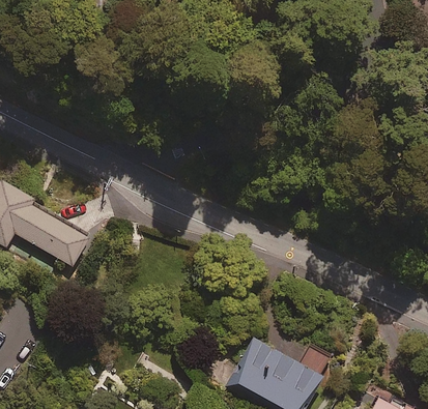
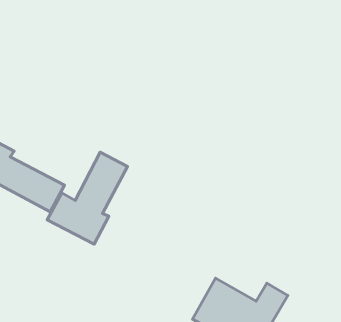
building: none -> [47,152,128,244]

